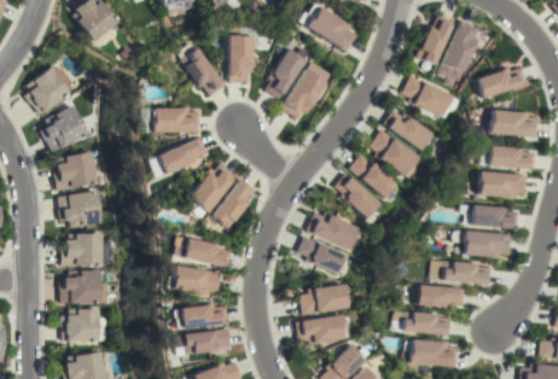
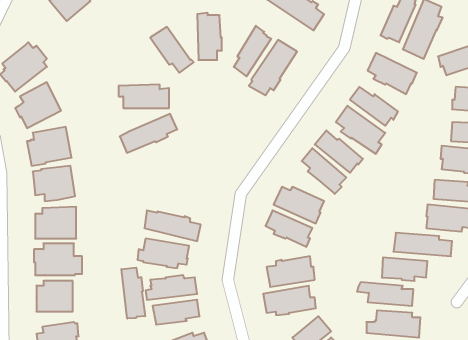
building: [186,164,237,212] -> none
building: [214,179,255,228] -> none
building: none -> [121,268,145,319]

